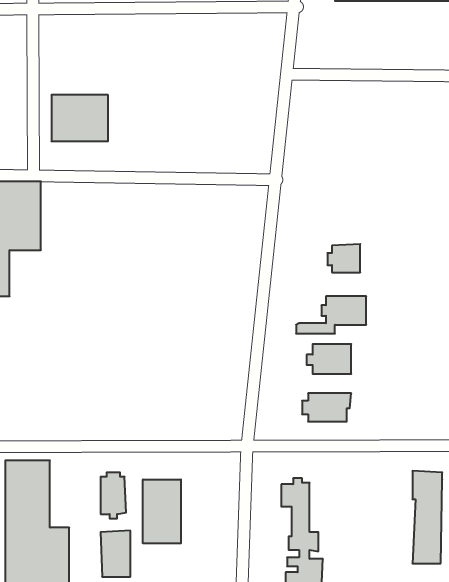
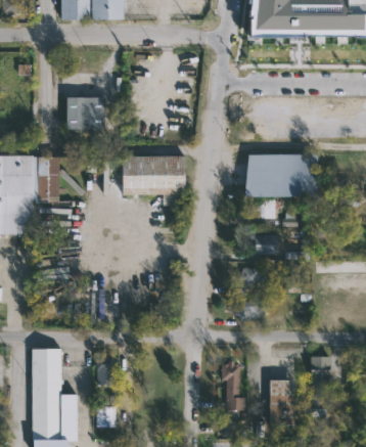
building: none -> [240,152,318,196]
building: none -> [121,154,183,194]
building: [143,479,181,543] -> none
building: none -> [268,378,294,421]

